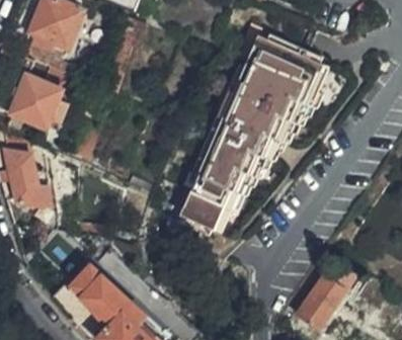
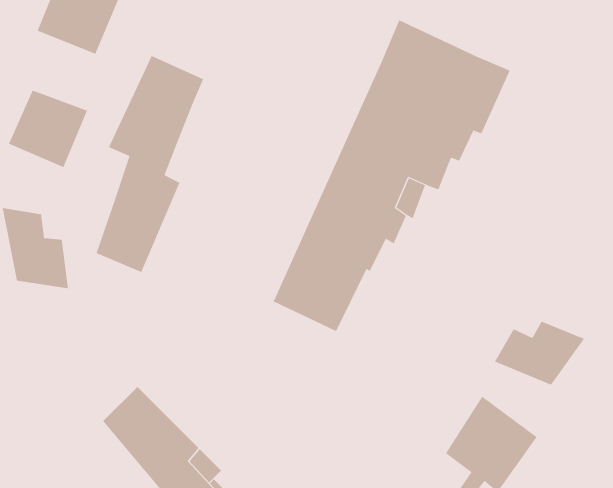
building: none -> [96,55,204,273]
building: none -> [494,321,585,385]

